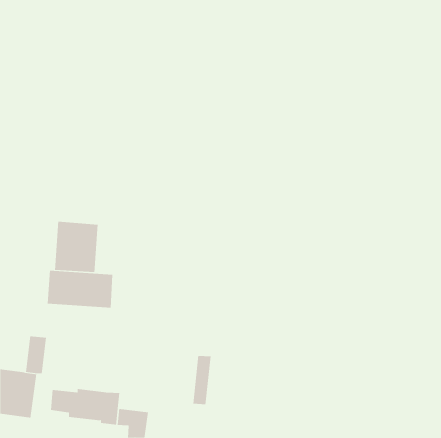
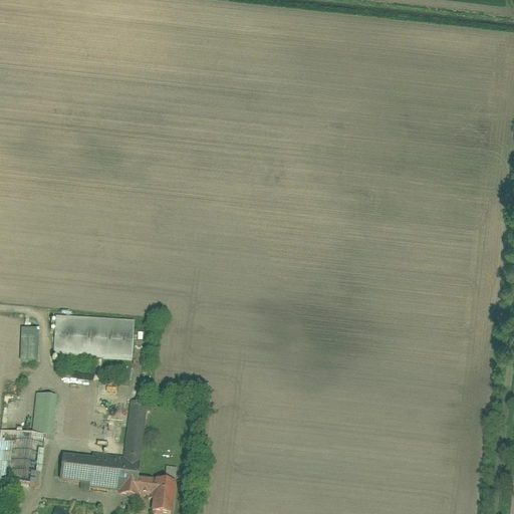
building: [55,221,98,273] -> none
building: none -> [23,326,41,359]
building: [192,355,211,405] -> [123,399,146,456]

